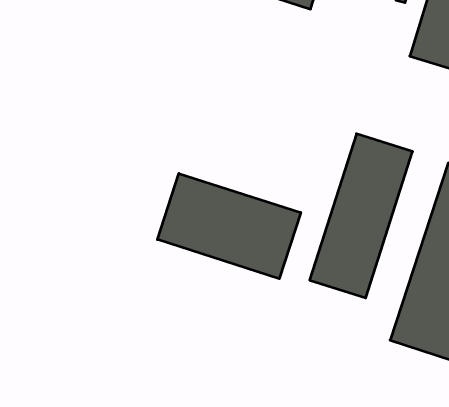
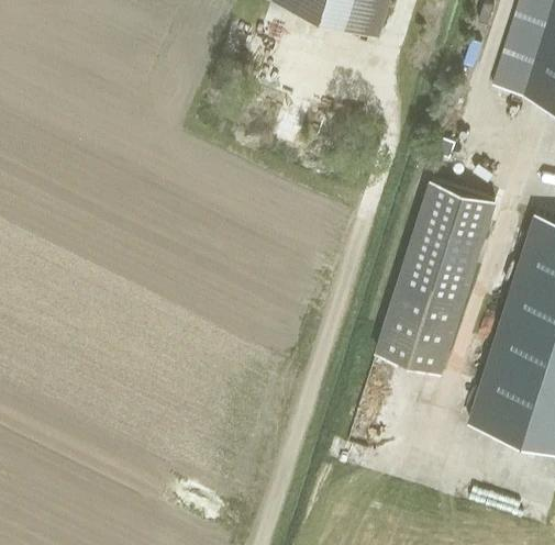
building: [157,173,301,279] -> none

